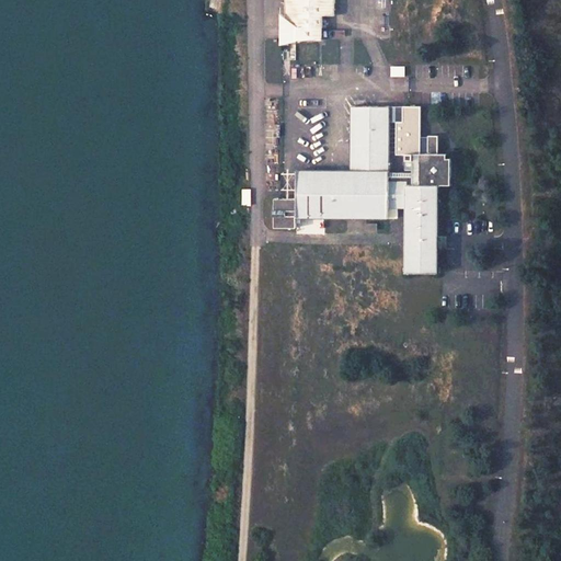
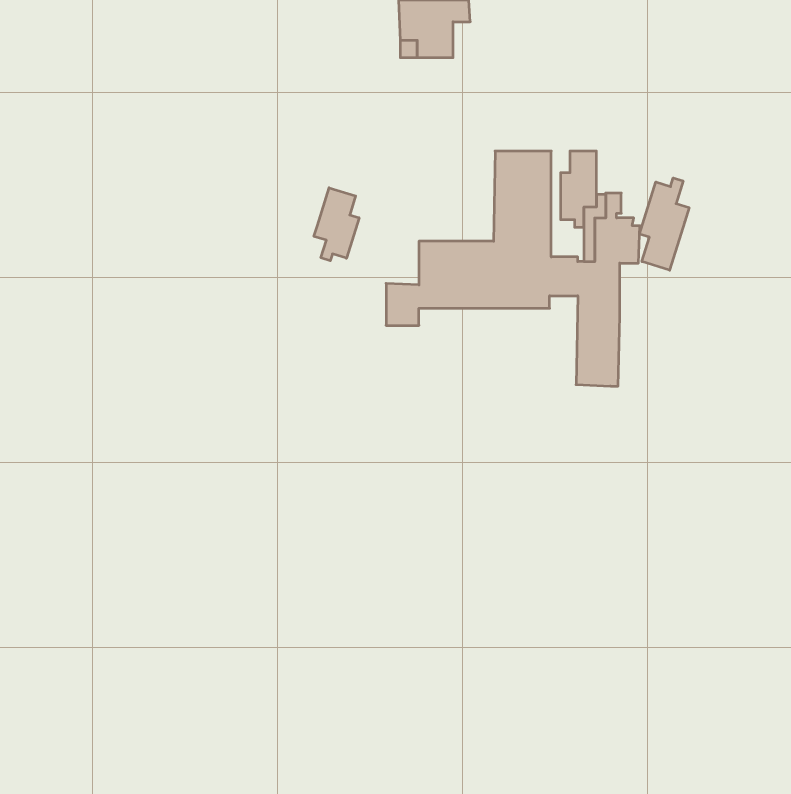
building: none -> [640,178,689,270]
building: none -> [314,188,359,261]

